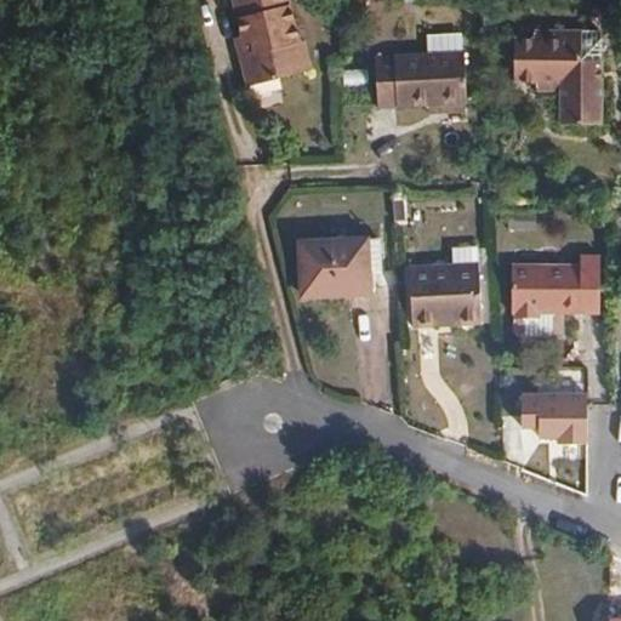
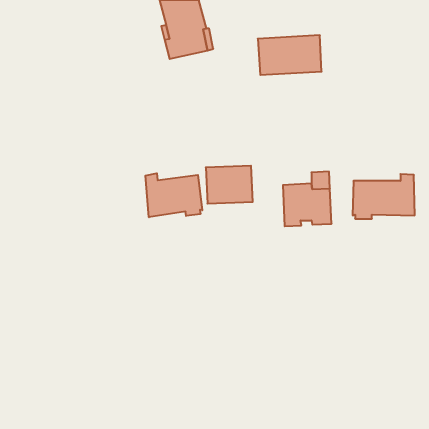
building: [511,38,602,125] -> none
building: none -> [145,173,202,217]
building: [522,391,597,438] -> none

